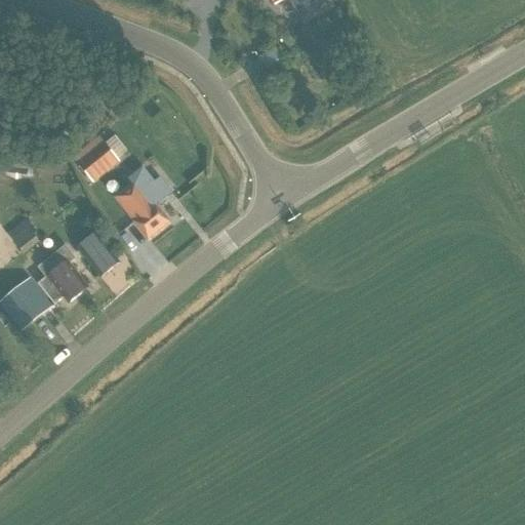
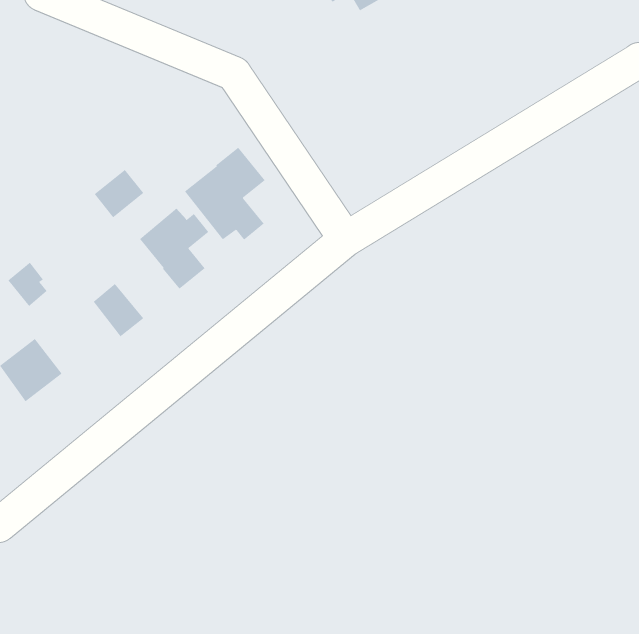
building: none -> [184,147,266,240]
building: [37,242,86,301] -> none

